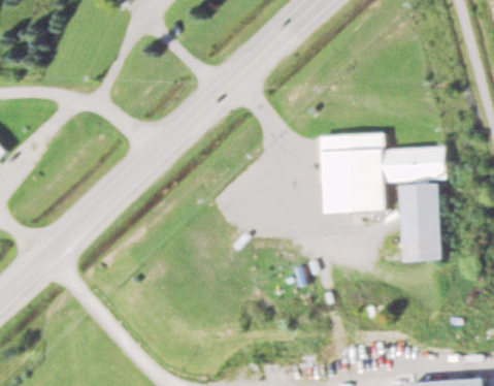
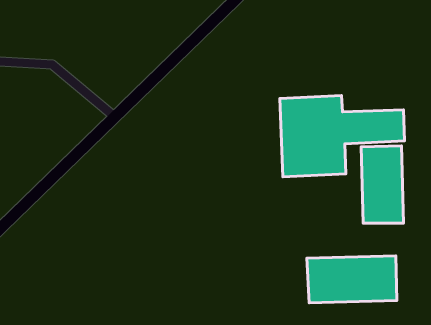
building: none -> [307,256,397,303]

